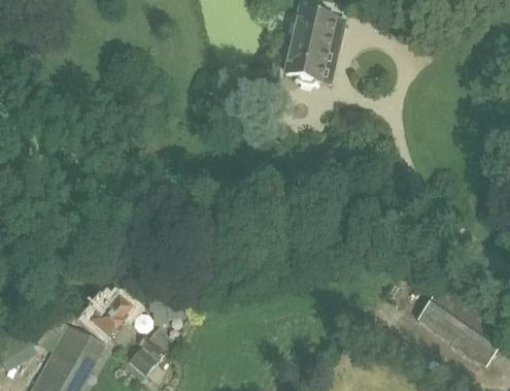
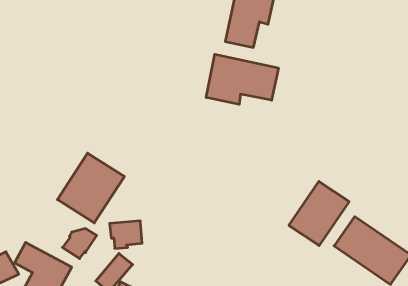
building: none -> [206,54,278,104]
building: none -> [57,153,124,223]
building: none -> [289,181,349,246]

